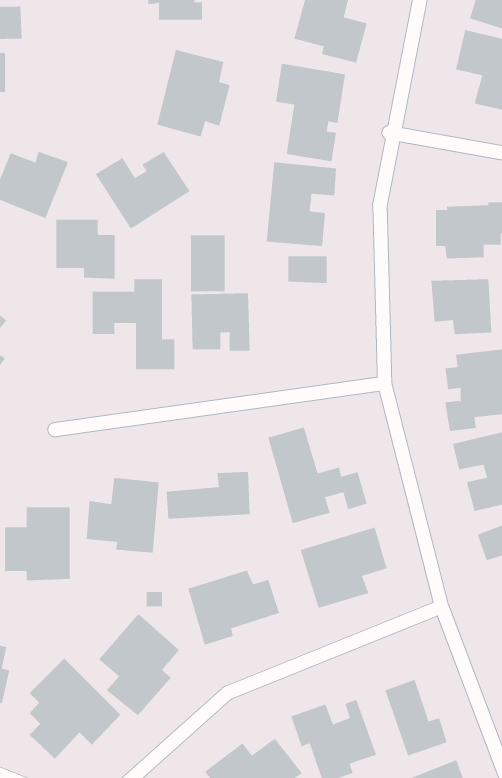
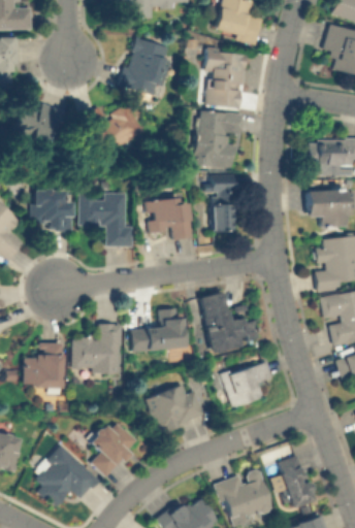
building: [56,219,116,279] -> [31,190,71,230]
building: [190,235,226,292] -> [213,195,236,233]

